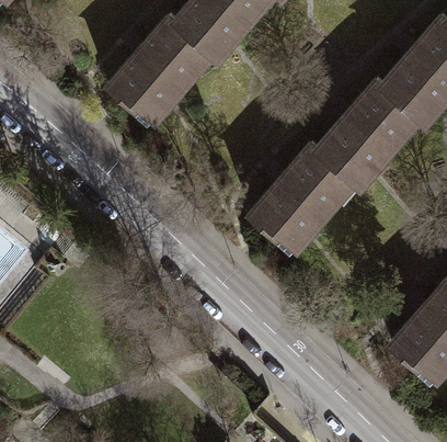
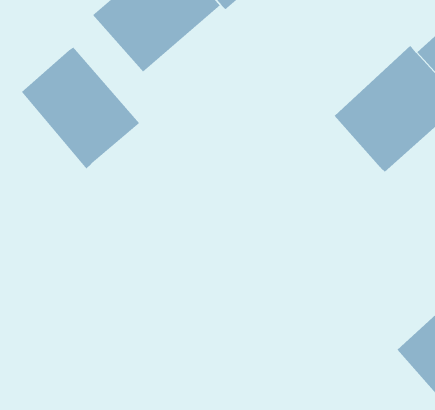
building: none -> [21,46,140,170]
building: [253,144,359,251] -> none

